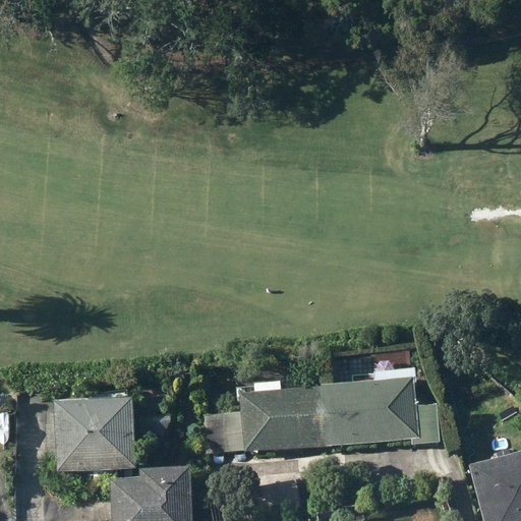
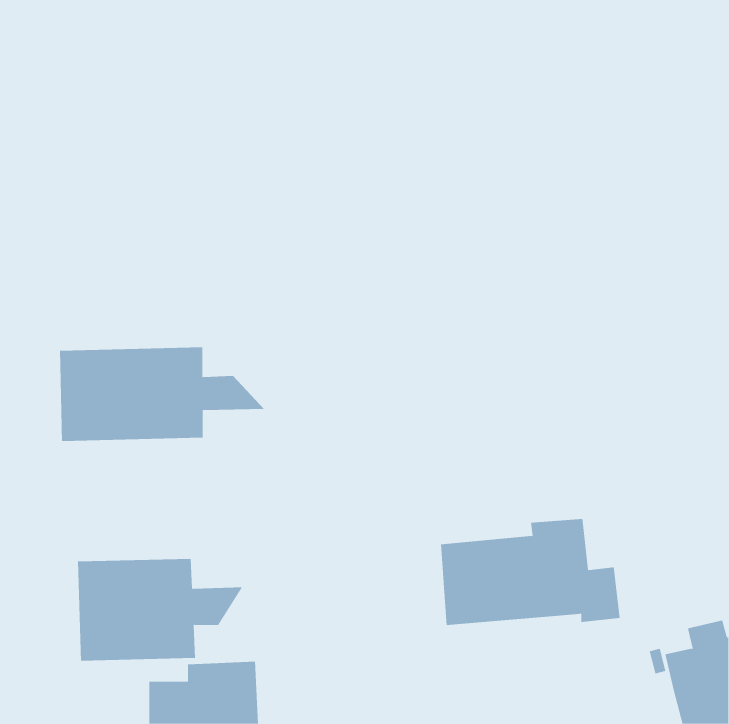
building: none -> [60,346,265,442]
building: [207,388,317,453] -> none

